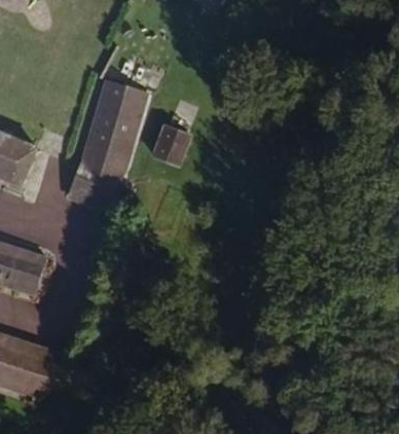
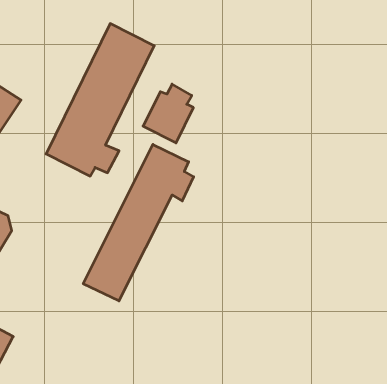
building: none -> [83,144,194,301]

